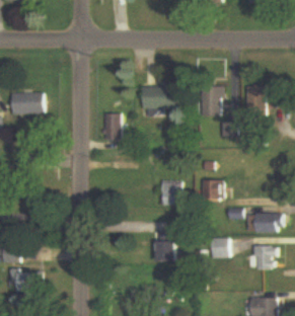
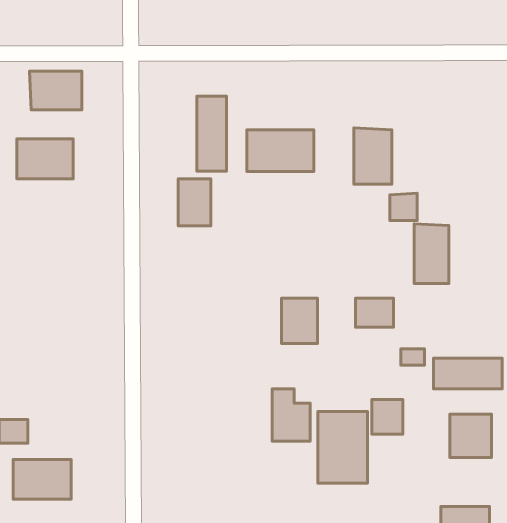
building: none -> [30,71,82,110]
building: none -> [197,96,226,171]
building: [246,85,266,118] -> [414,224,449,284]
building: none -> [318,412,367,483]

